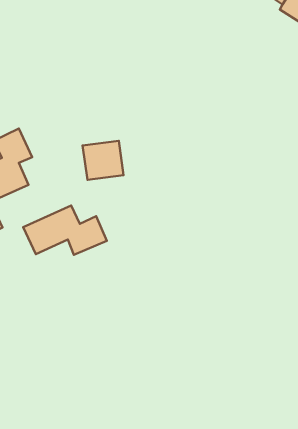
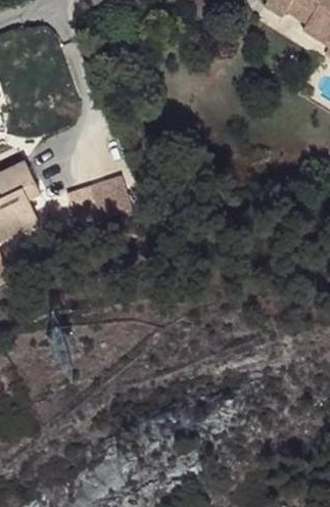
building: [23,205,107,255] -> none

